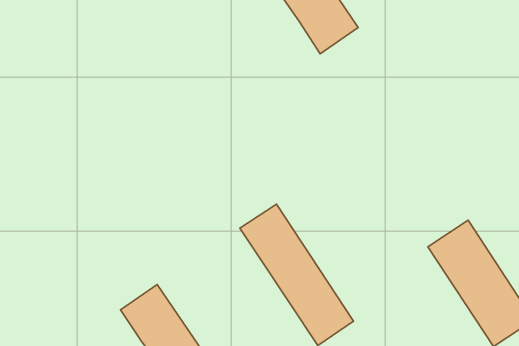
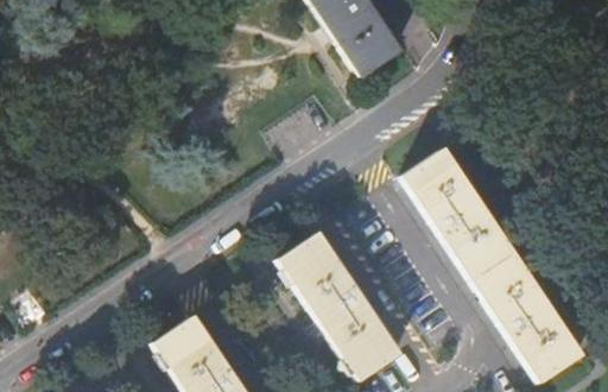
building: none -> [403,146,514,278]

